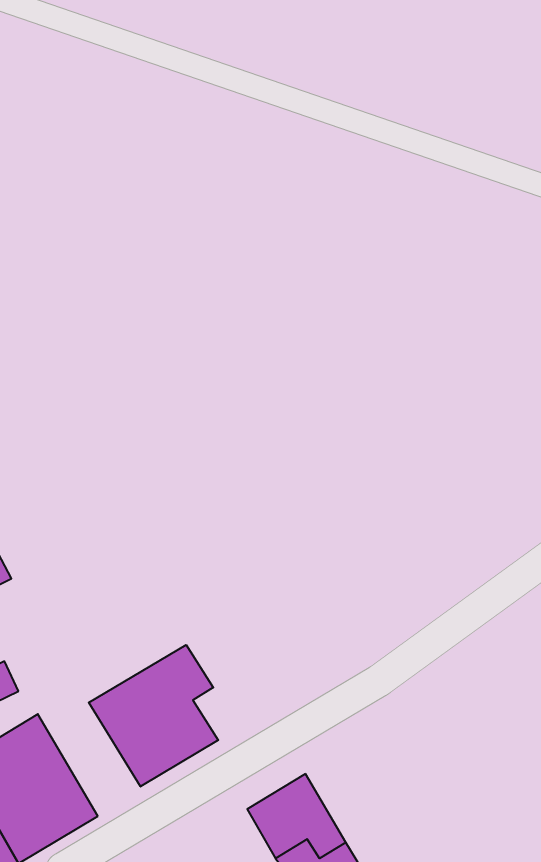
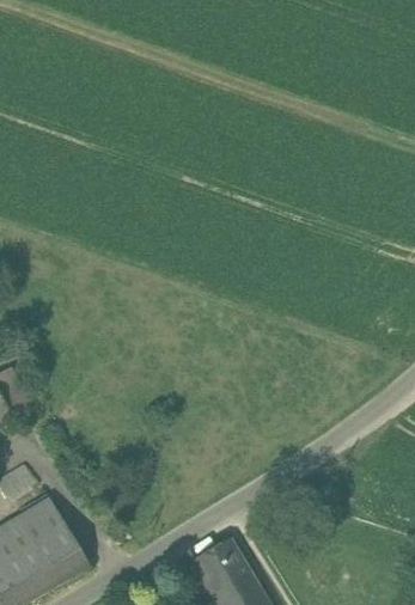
building: [89,645,218,787] -> none

